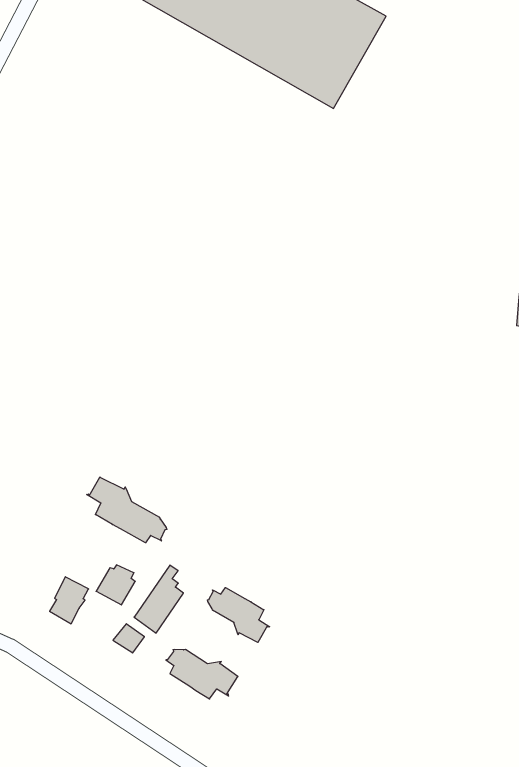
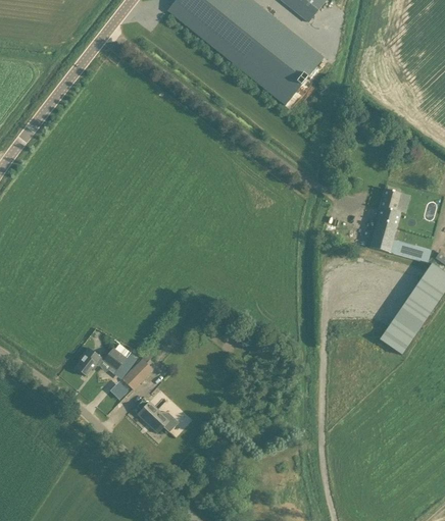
building: [87,477,167,543] -> none
building: [207,588,270,642] -> none

